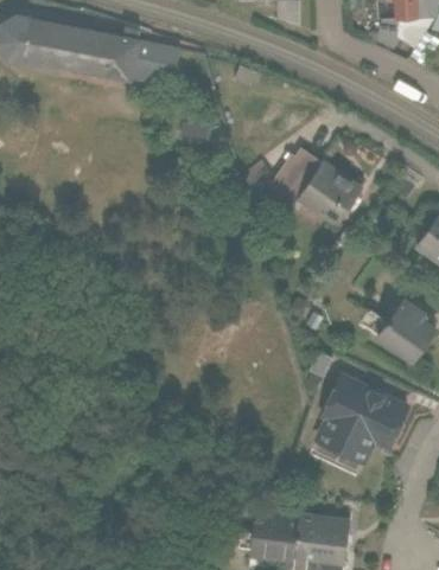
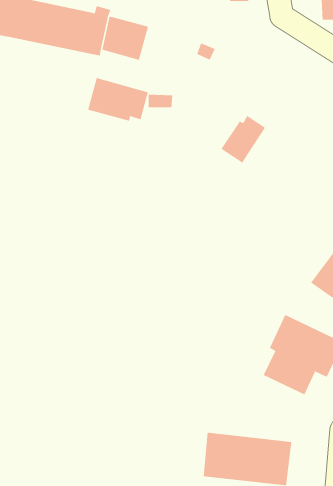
building: none -> [88,77,149,121]
building: [294,161,361,228] -> none

